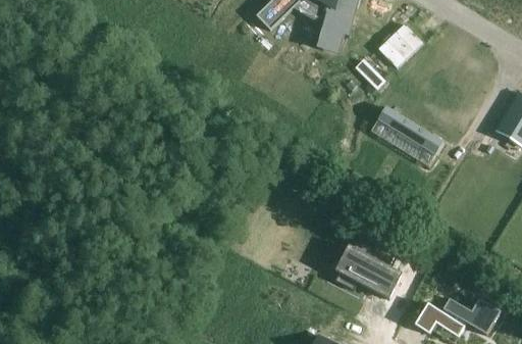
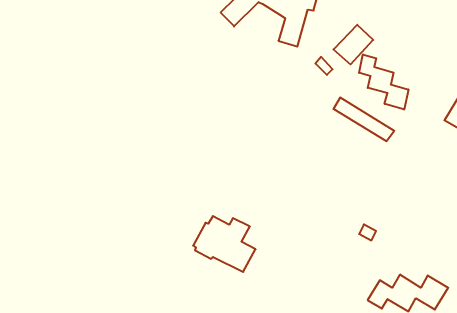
building: none -> [359,54,408,110]
building: [335,239,403,299] -> [193,216,256,272]

